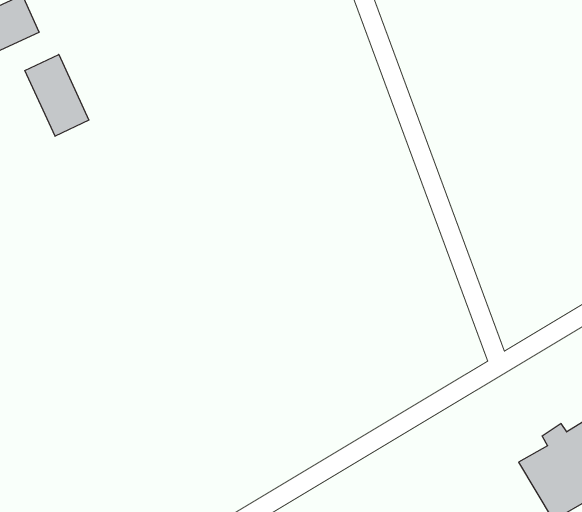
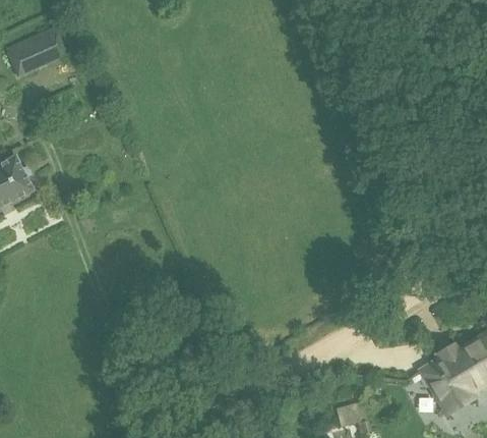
building: [25,54,89,136] -> none

